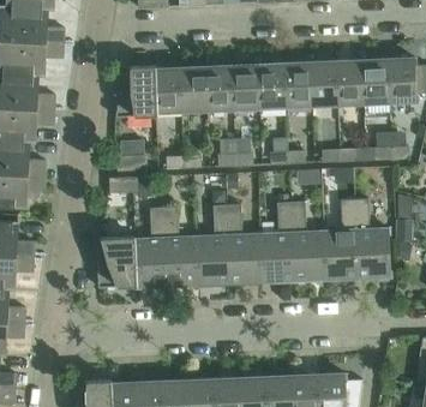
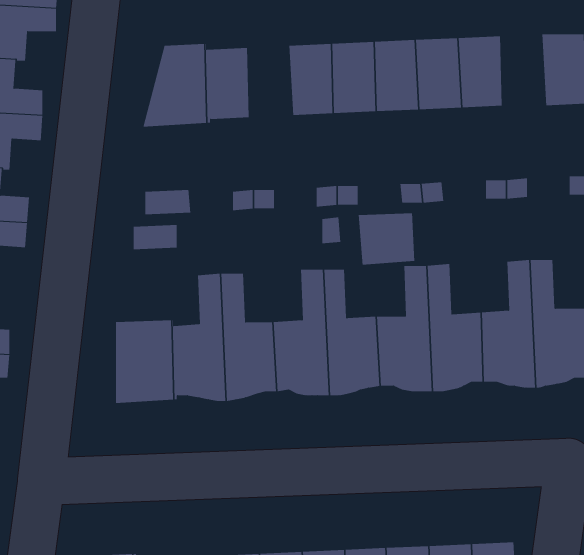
building: [336,59,364,103] -> none
building: [180,66,208,110] -> none
building: none -> [358,213,415,265]

